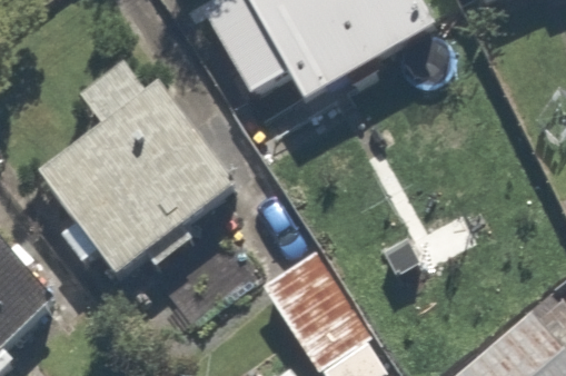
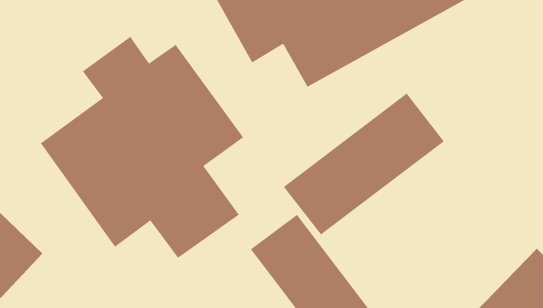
building: none -> [283,93,445,236]

